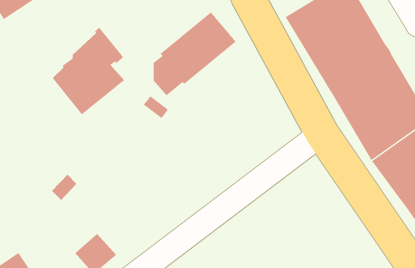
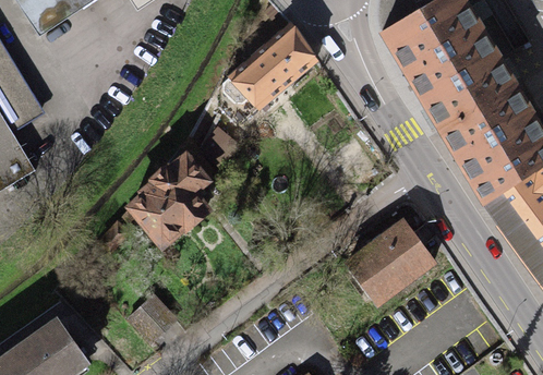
building: [52,27,125,115] -> [124,145,213,252]
building: none -> [343,219,431,301]

